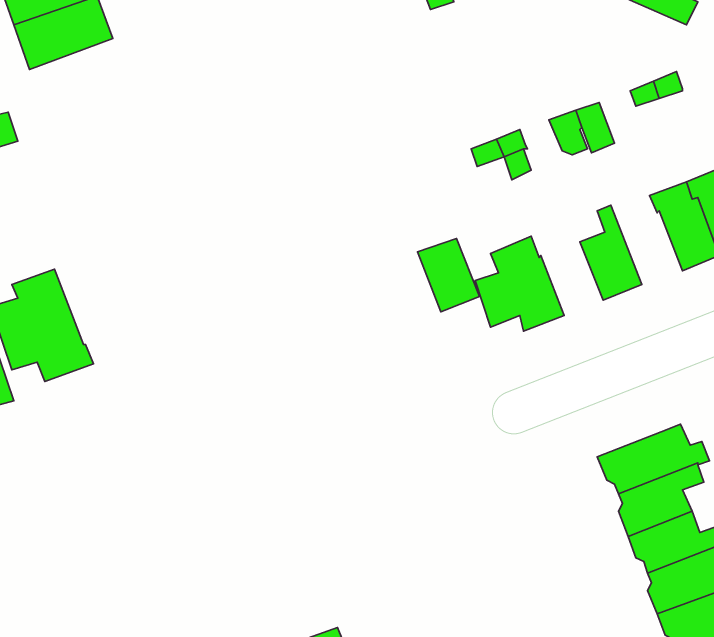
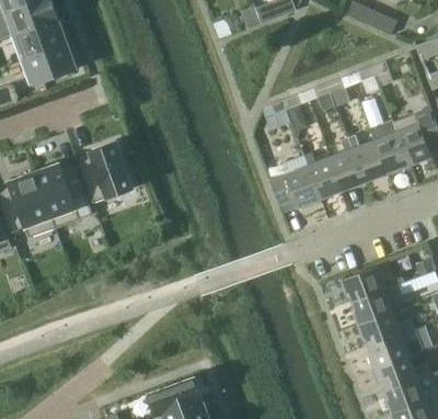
building: none -> [19,43,76,86]
building: none -> [347,135,388,182]
building: none -> [78,143,130,202]
building: [418,238,480,312] -> [308,158,343,200]
building: none -> [33,165,83,216]

